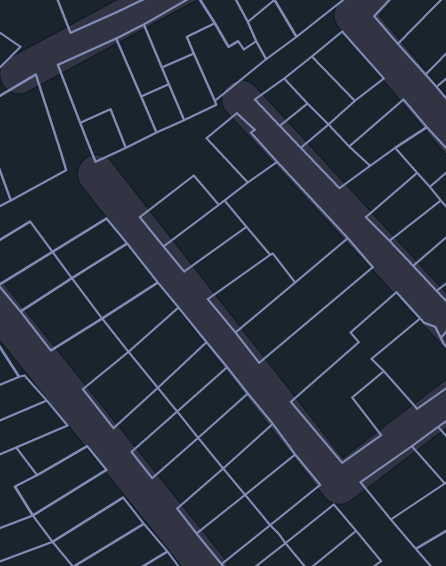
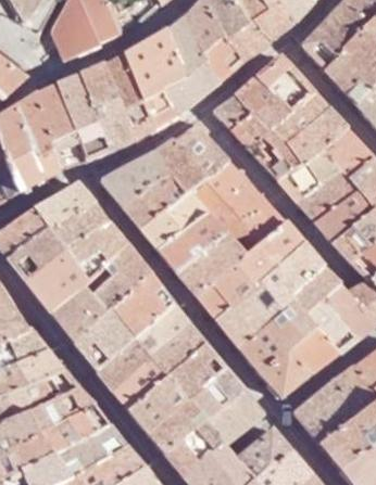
building: none -> [39,84,79,152]
building: none -> [268,94,327,148]
building: none -> [101,141,205,203]
building: none -> [277,149,338,203]
building: none -> [35,181,95,230]
building: none -> [155,210,223,267]
building: none -> [214,242,322,347]
building: none -> [51,282,112,337]
building: none -> [287,323,338,373]
building: none -> [100,336,150,386]
building: none -> [24,366,79,405]
building: none -> [130,375,186,431]
building: none -> [37,400,108,457]

